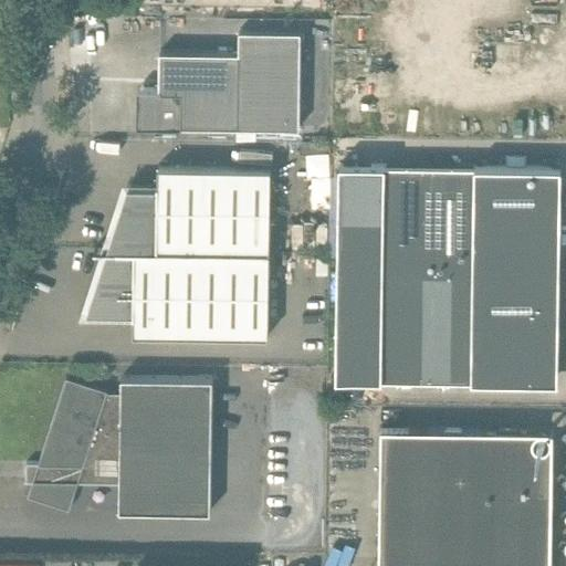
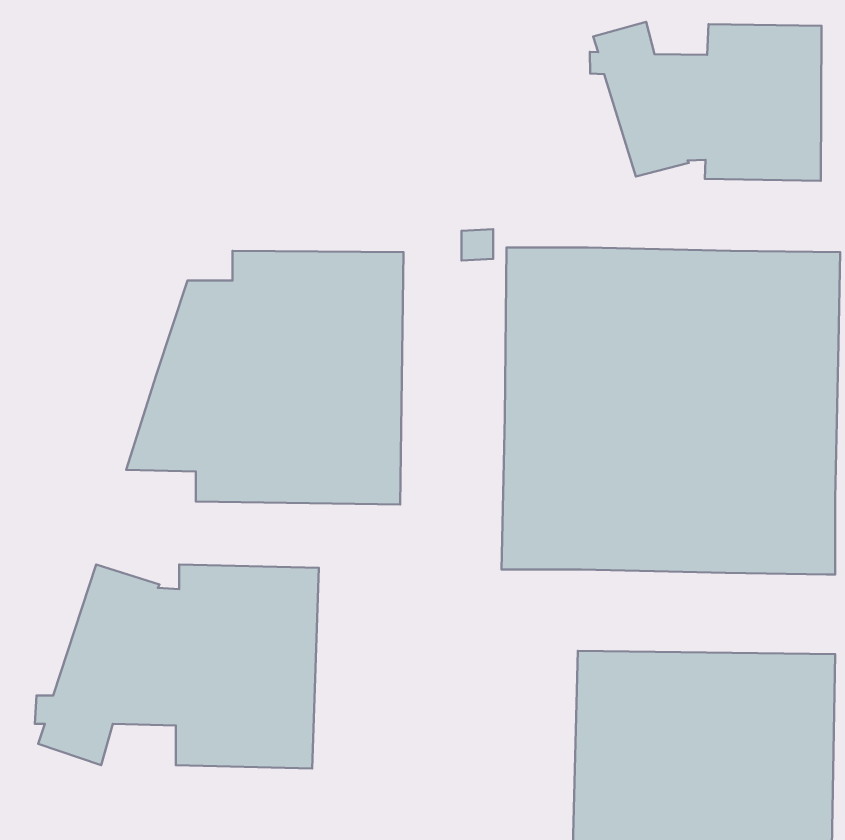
building: none -> [590,22,822,181]
building: [135,36,298,134] -> none

